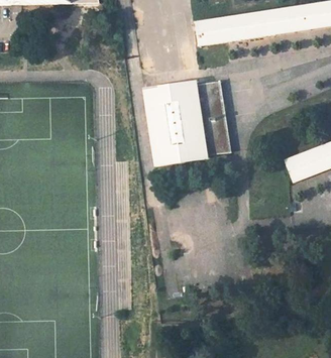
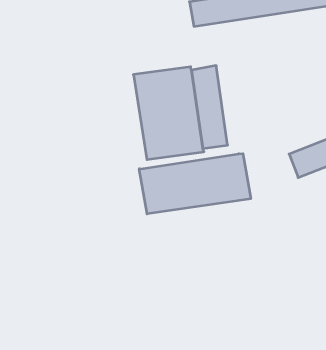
building: none -> [139,154,251,214]

